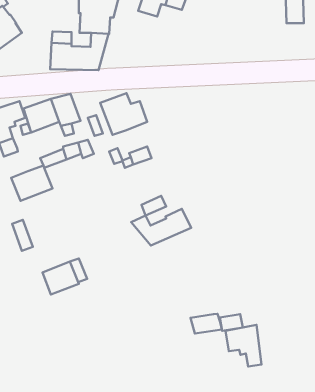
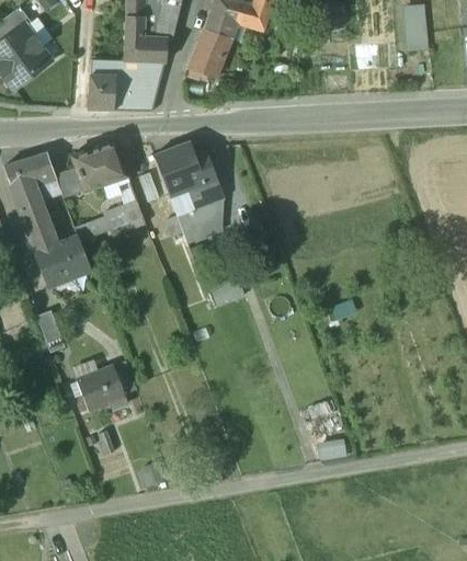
building: none -> [190,32,230,78]
building: none -> [190,180,225,209]
building: none -> [26,214,58,254]
building: [131,209,191,246] -> none
building: [191,314,222,334] -> none
building: [226,325,262,366] -> none

